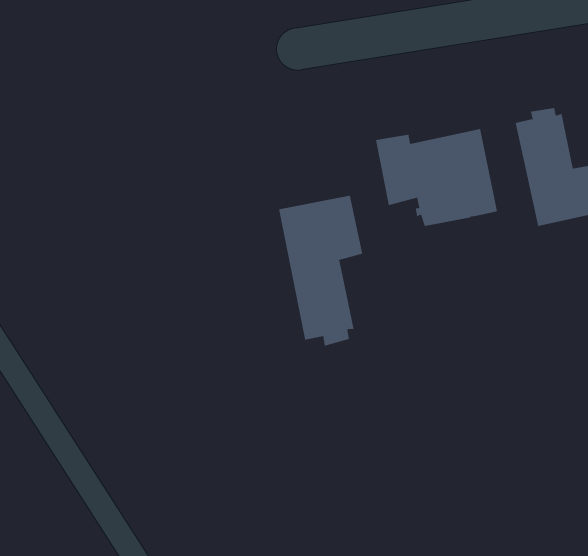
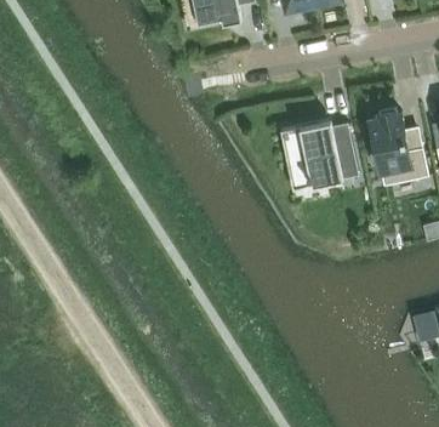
building: [279,195,363,347] -> none

